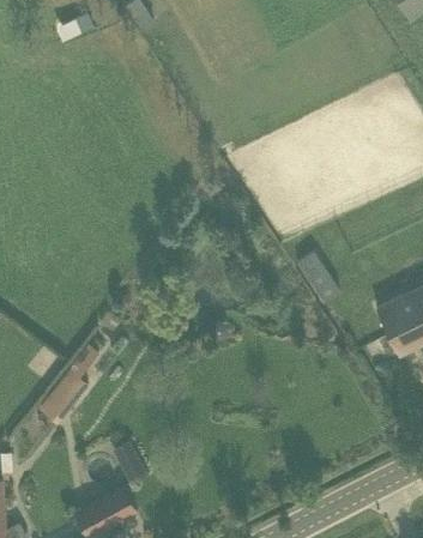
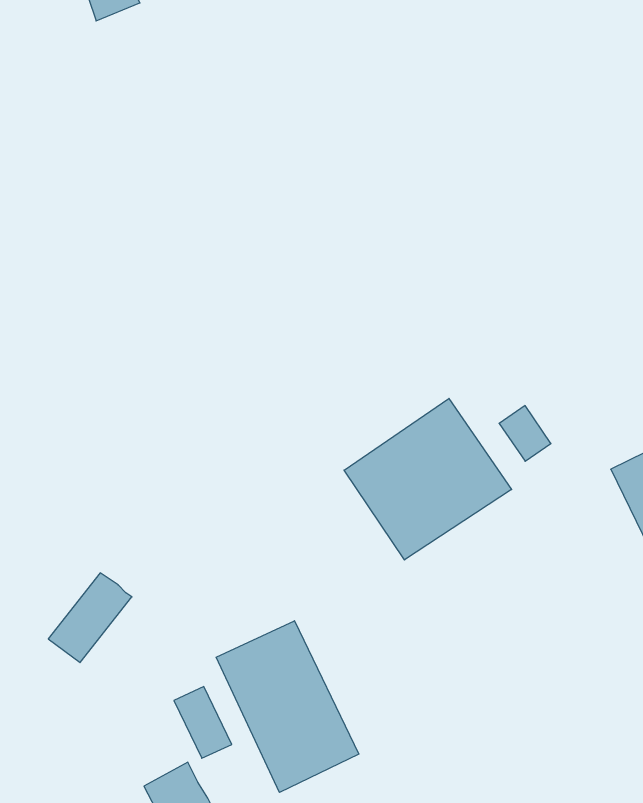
building: none -> [344,398,512,560]
building: none -> [216,621,359,792]

